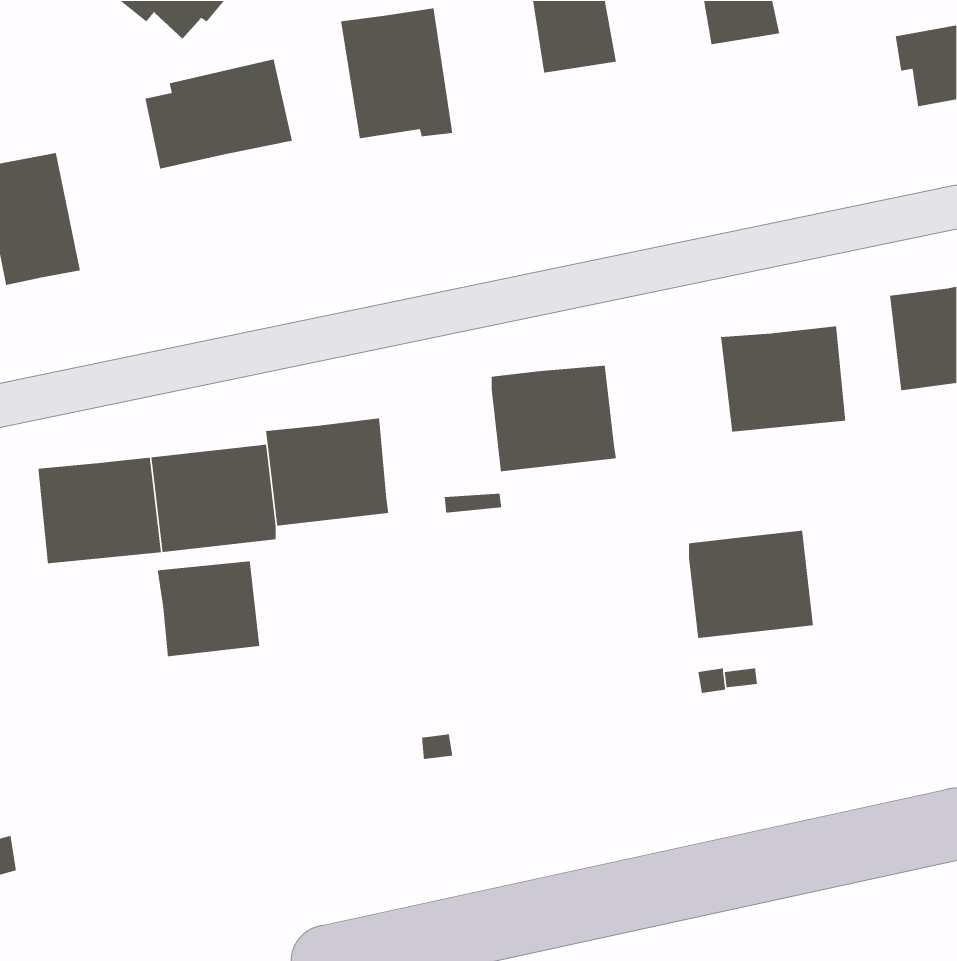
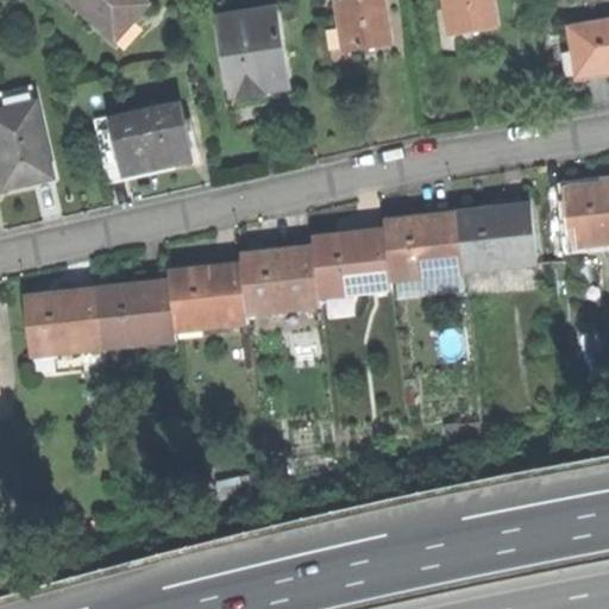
building: [144,59,293,169] -> [95,101,189,171]
building: none -> [239,246,318,315]
building: [688,530,814,639] -> [383,213,463,282]
building: [157,561,260,657] -> none

